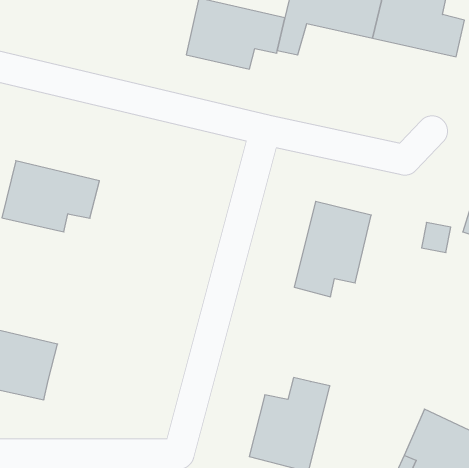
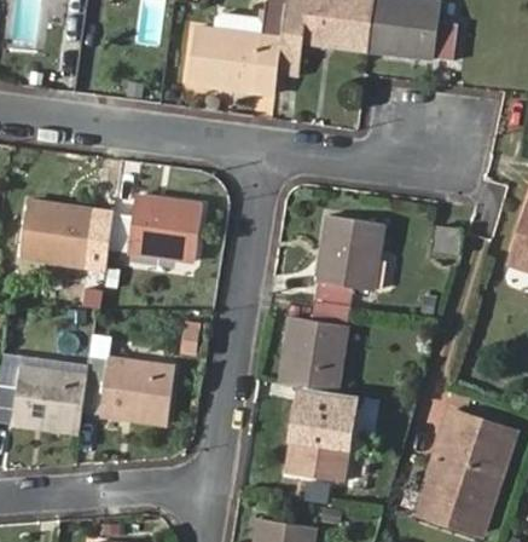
building: none -> [108,196,199,261]
building: none -> [279,300,349,391]
building: none -> [81,354,173,425]

